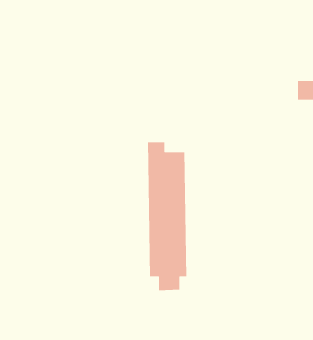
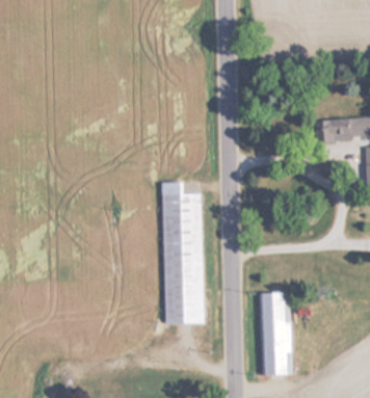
building: none -> [261,292,290,376]

